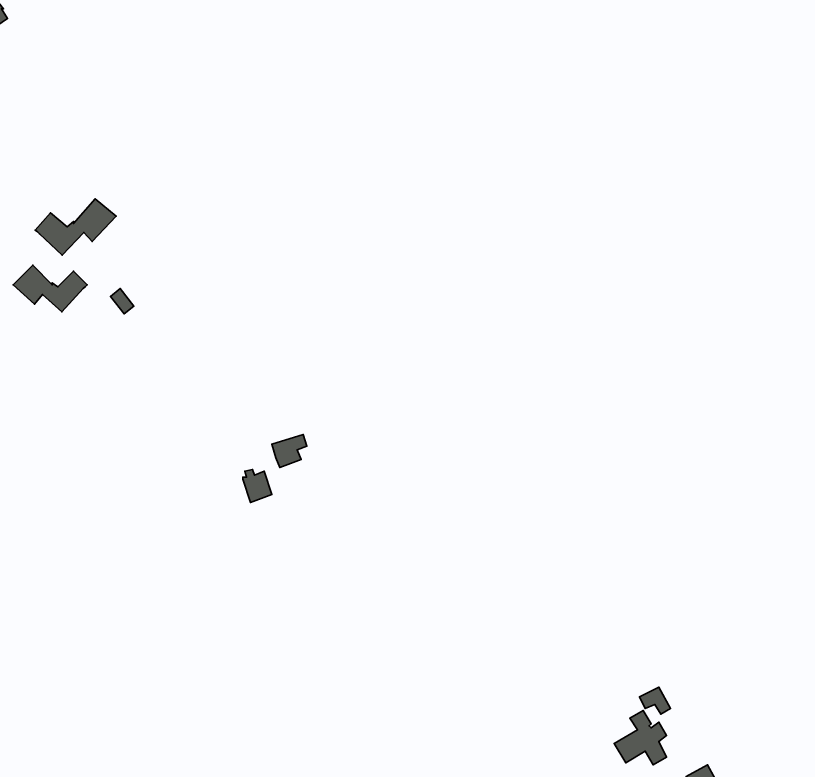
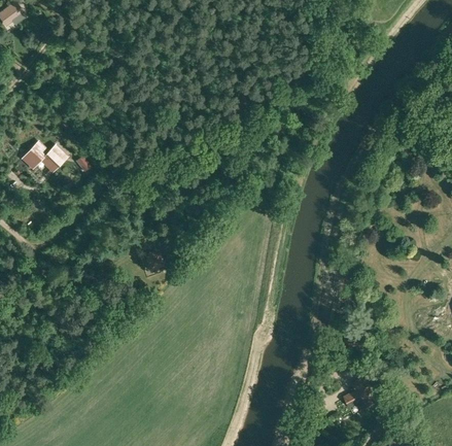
building: [35,199,116,255] -> none

